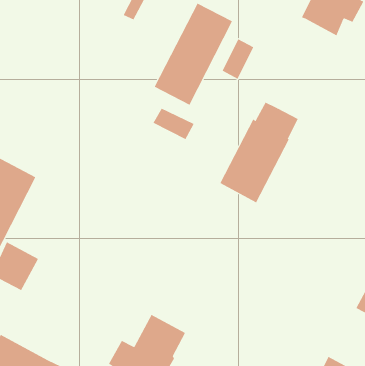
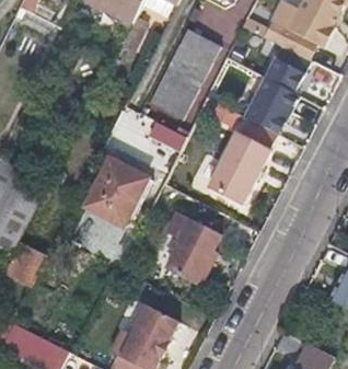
building: none -> [245,43,312,132]
building: none -> [84,159,146,224]
building: none -> [163,210,221,290]

